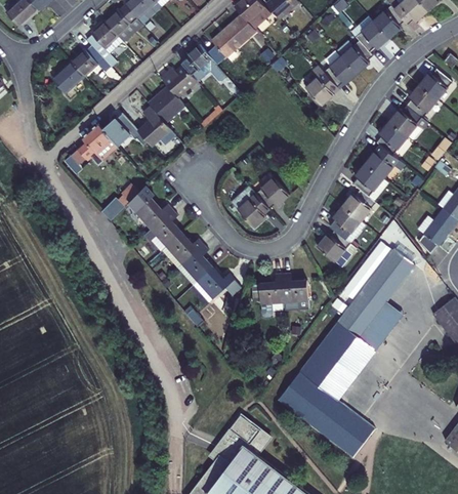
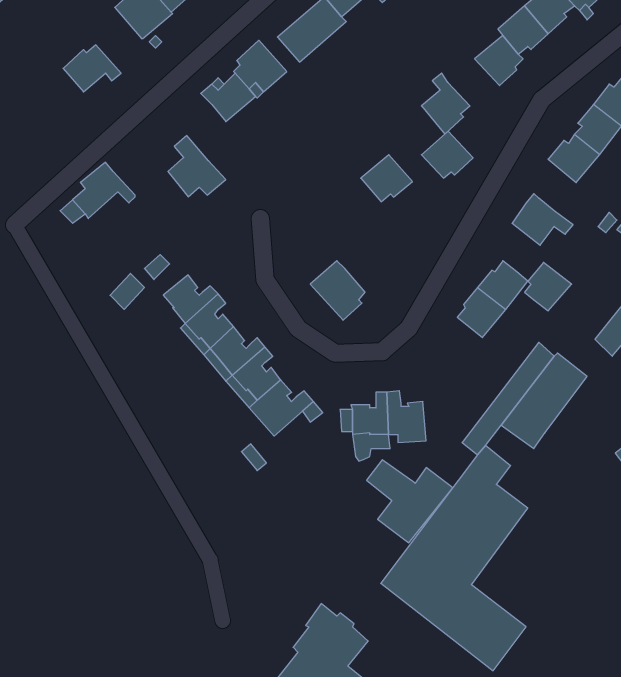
building: [91,22,122,65] -> none
building: [323,55,357,86] -> [421,131,473,178]
building: [51,61,84,94] -> none
building: [149,85,184,122] -> none
building: [103,113,148,146] -> none
building: [377,121,407,155] -> none
building: [352,163,383,195] -> [525,262,572,311]
building: [255,177,289,208] -> [361,155,412,202]
building: [317,230,357,265] -> none
building: [347,295,404,349] -> [367,460,453,543]

